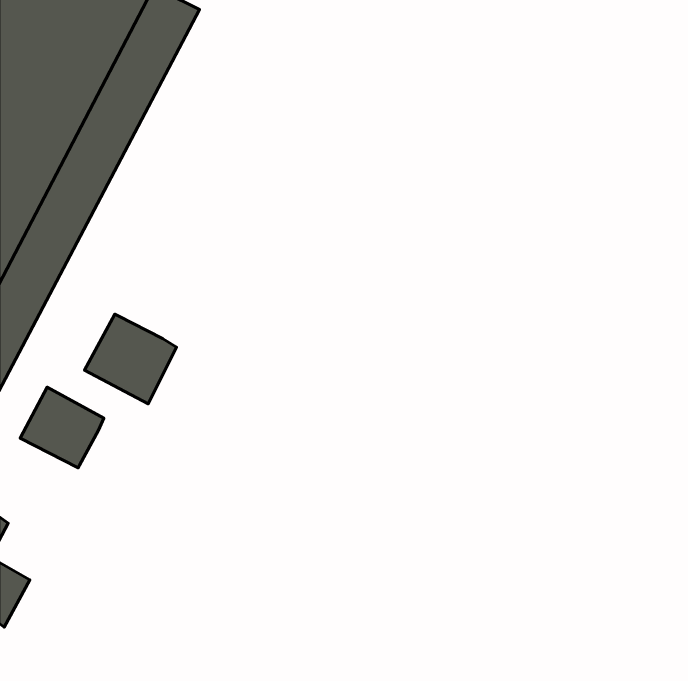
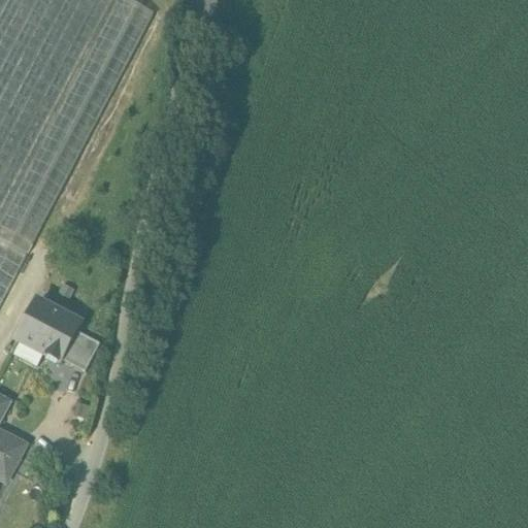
building: [84,314,177,404] -> none
building: none -> [61,329,99,368]

